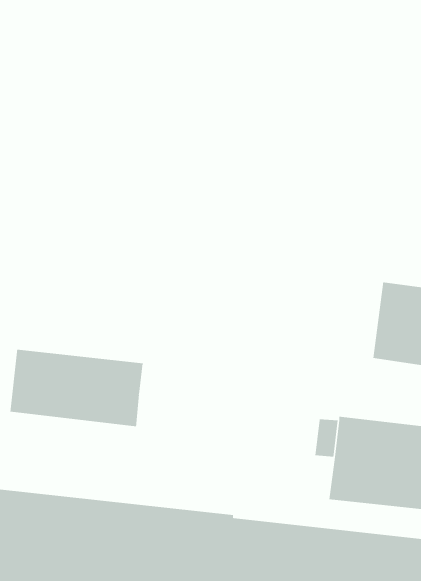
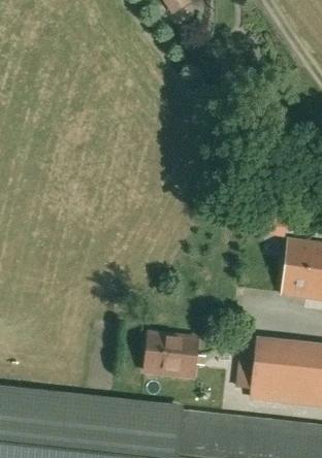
building: [10,349,143,427] -> none
building: none -> [144,332,198,375]

